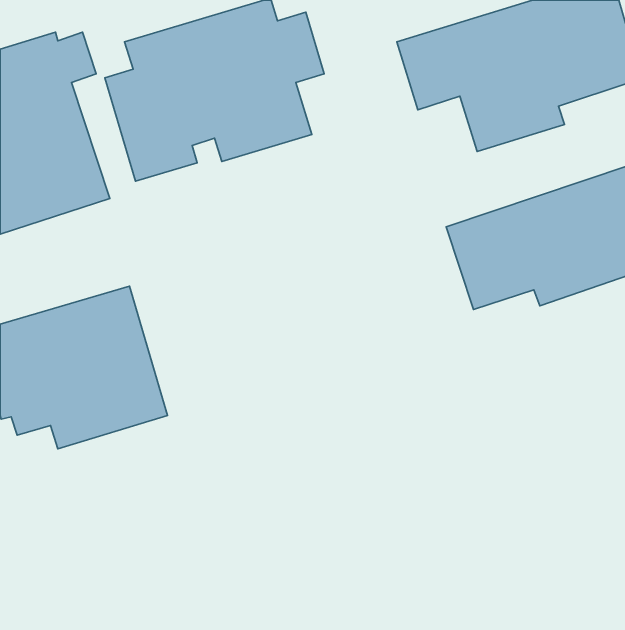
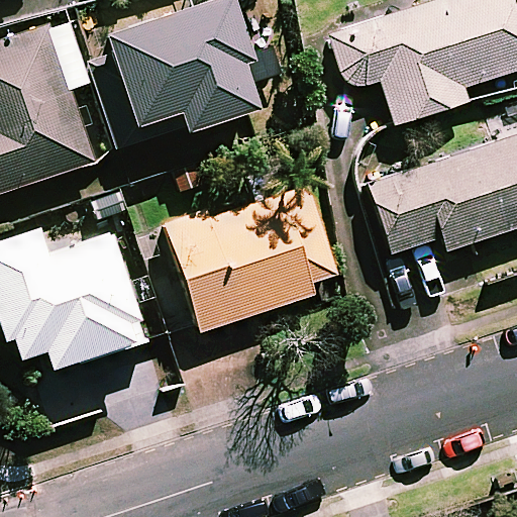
building: none -> [168,186,334,330]

